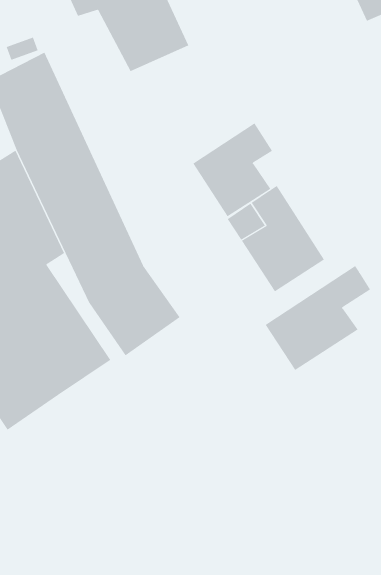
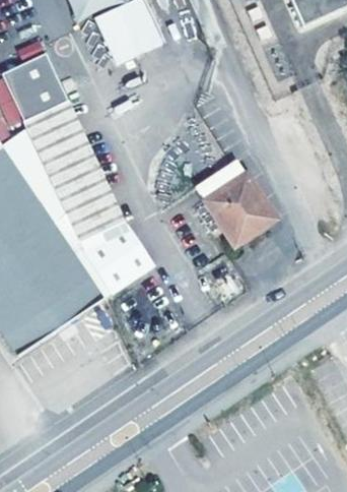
building: [193,123,273,217] -> none
building: [265,265,371,371] -> none

